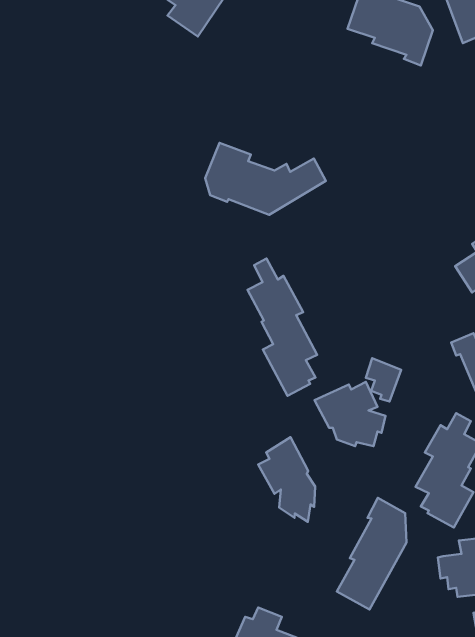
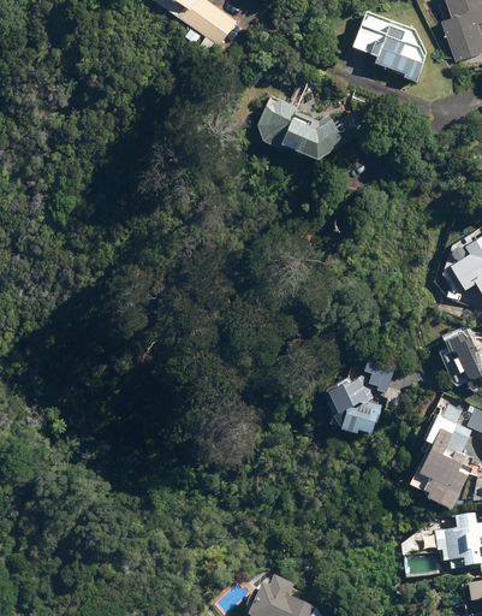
building: [205,143,326,215] -> [258,95,369,161]
building: [248,259,317,396] -> none
building: [258,437,315,522] -> none
building: [337,498,407,610] -> none

